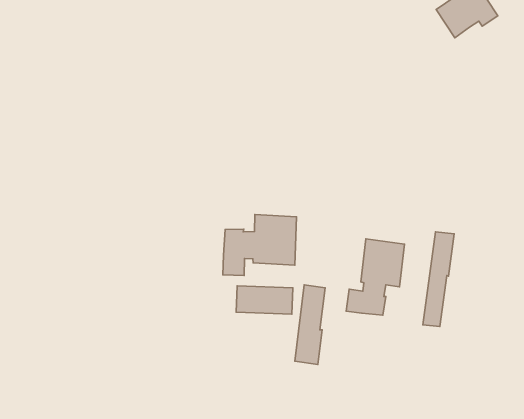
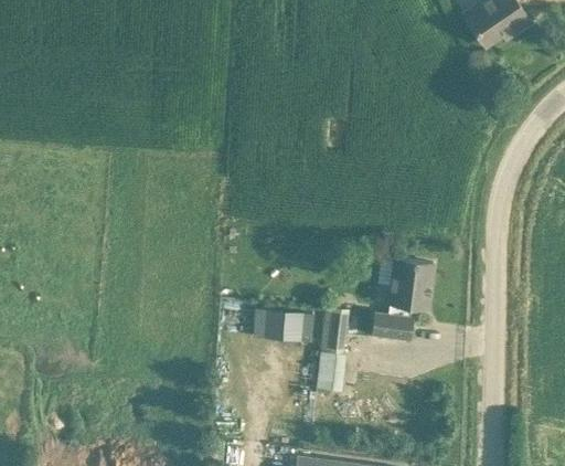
building: [223,215,297,275] -> none
building: [423,232,454,327] -> none

